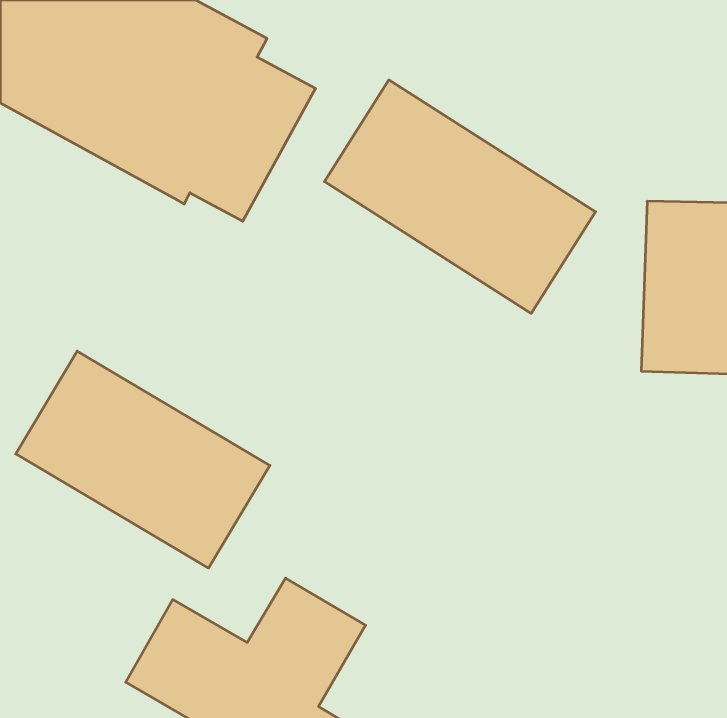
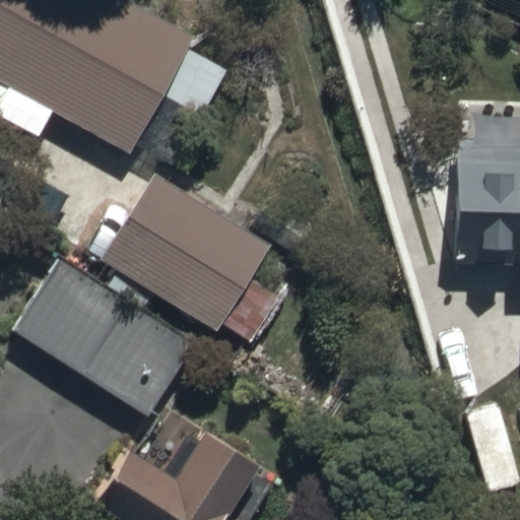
building: [324,80,596,313] -> none
building: none -> [80,172,270,332]

